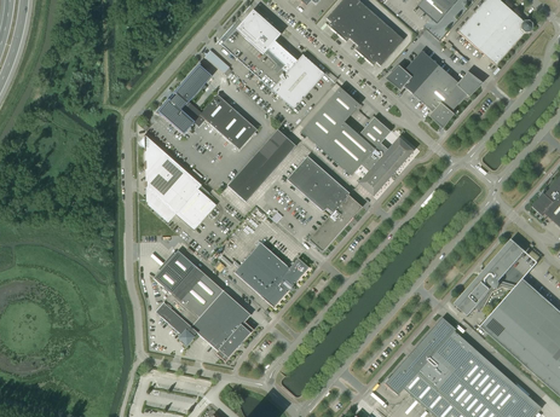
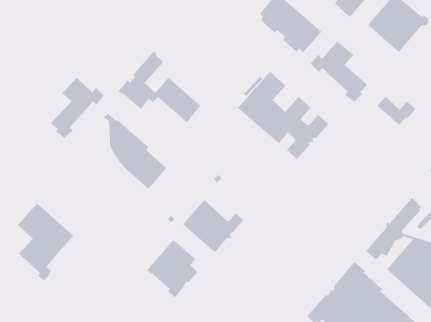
building: [221,10,324,108] -> none
building: [431,66,479,103] -> [377,96,417,126]
building: none -> [50,77,104,139]
building: [227,128,295,201] -> none
building: [287,155,362,250] -> none
building: [154,249,223,343] -> [17,203,74,281]

